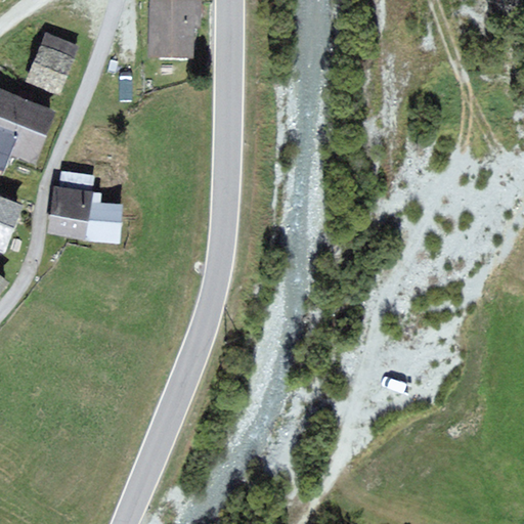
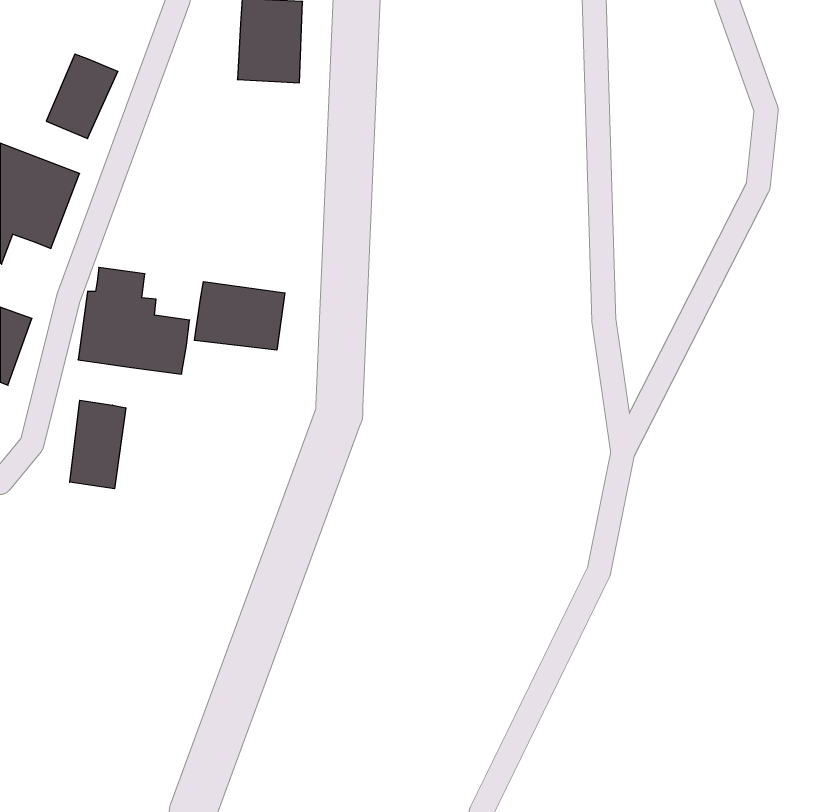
building: none -> [194,282,285,350]
building: none -> [70,400,126,489]

